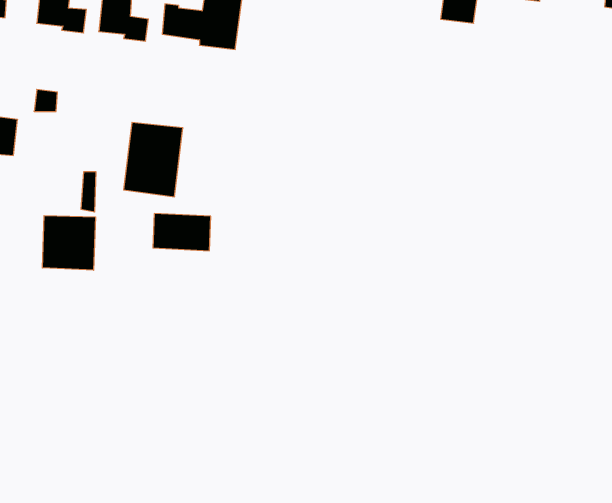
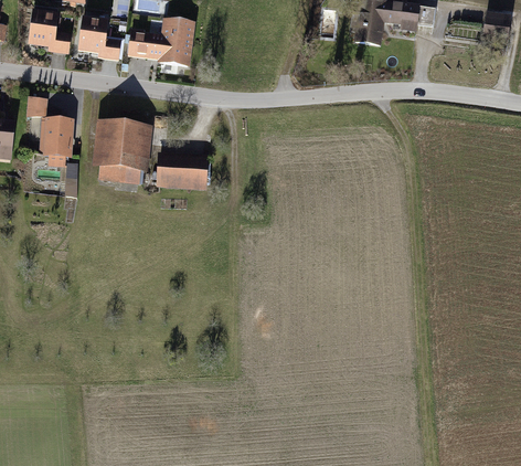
building: none -> [41,120,73,157]
building: [153,214,211,251] -> [159,157,205,187]
building: [42,216,95,270] -> none

